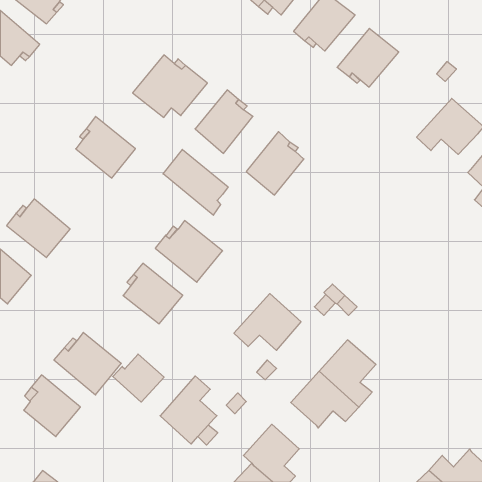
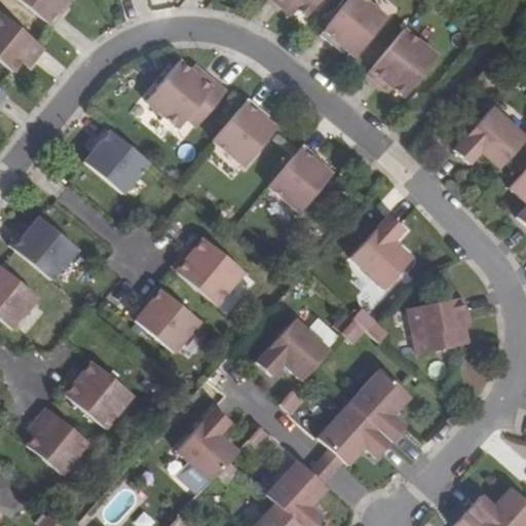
building: [163,149,228,215] -> none
building: none -> [350,214,412,288]
building: none -> [408,296,469,353]
building: [113,354,164,402] -> none

